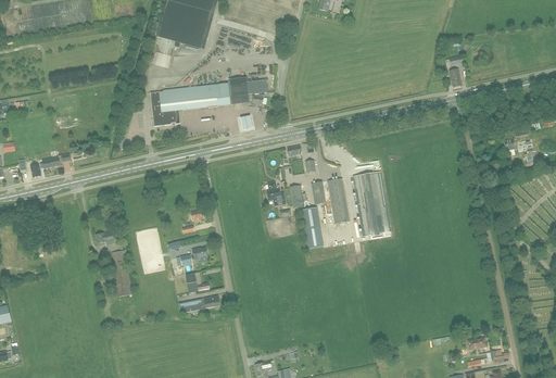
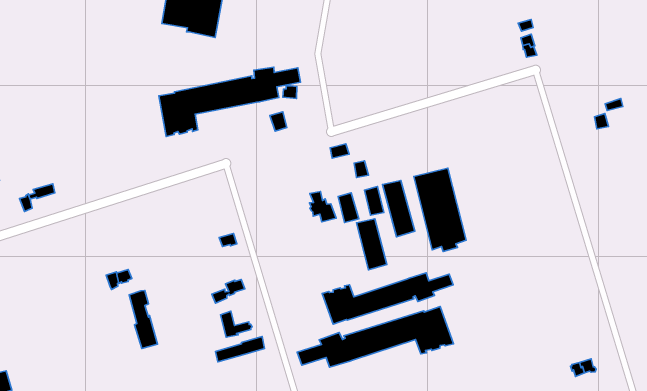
building: none -> [322,273,453,324]
building: none -> [297,307,453,367]

